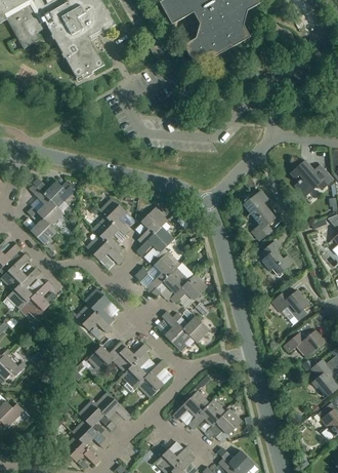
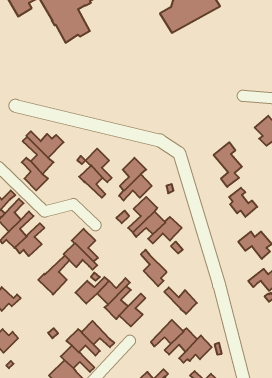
building: [86,234,124,264] -> none
building: [172,312,209,342] -> [164,287,197,314]
building: none -> [38,256,69,295]

